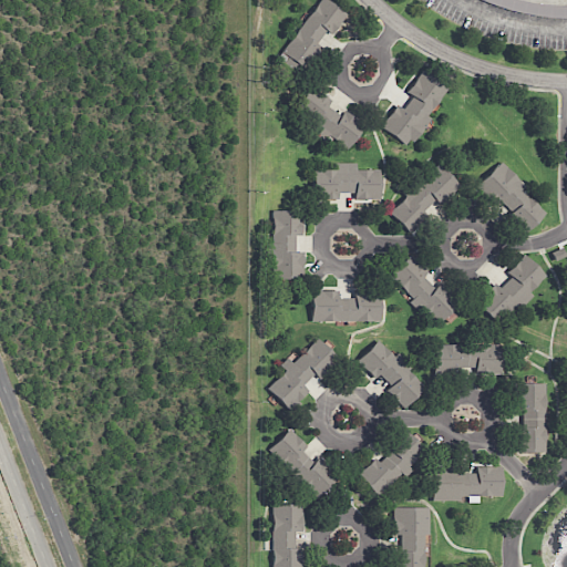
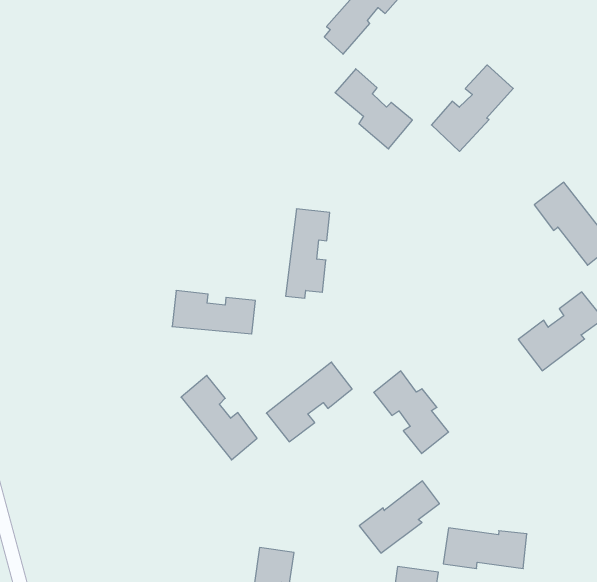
building: [316,164,381,202] -> none
building: [391,164,461,233] -> none
building: [391,255,460,326] -> none
building: [312,291,381,322] -> [172,291,255,334]
building: [439,344,503,375] -> none
building: [516,384,546,453] -> none
building: [270,429,339,498] -> [181,375,257,460]

